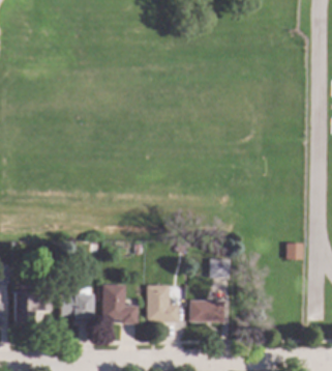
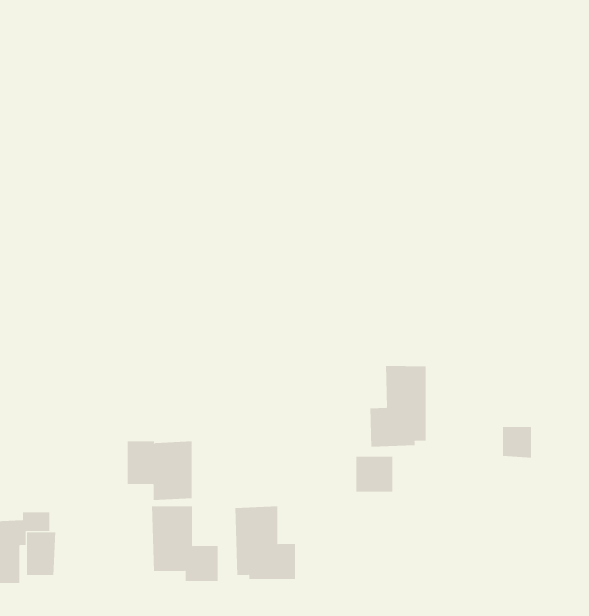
building: none -> [370,365,426,447]
building: [61,292,95,323] -> [127,441,192,500]
building: [189,298,224,322] -> none

